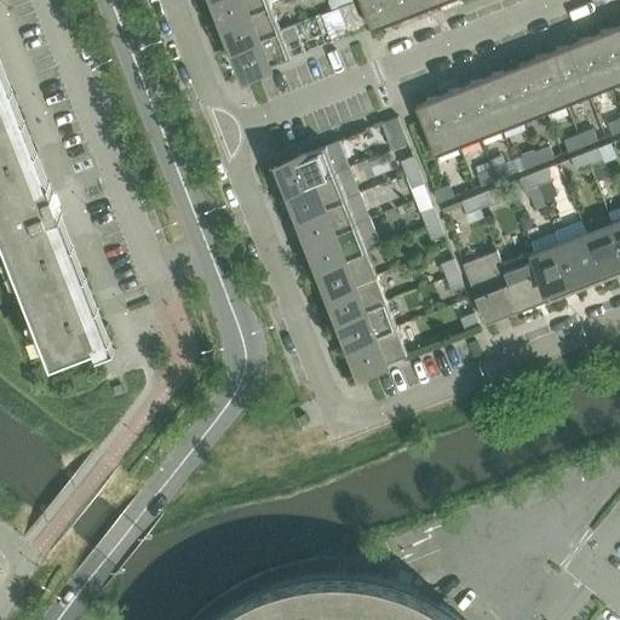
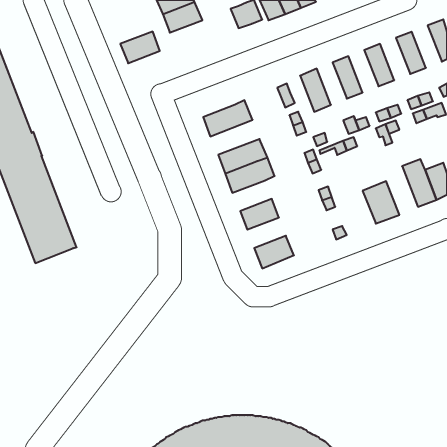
building: [234,31,288,75] -> [120,32,160,63]
building: [567,39,608,97] -> none
building: [523,56,564,114] -> none
building: [480,73,521,131] -> none
building: [436,90,477,148] -> none
building: [289,168,357,217] -> none
building: [528,232,575,299] -> none
building: [320,252,374,294] -> none
building: [460,252,517,325] -> none
building: [340,303,394,345] -> none

